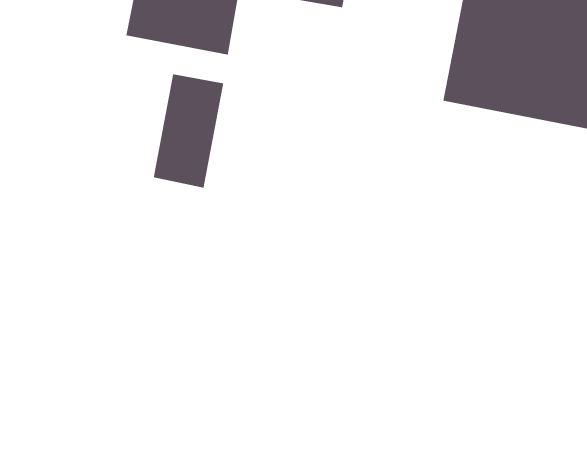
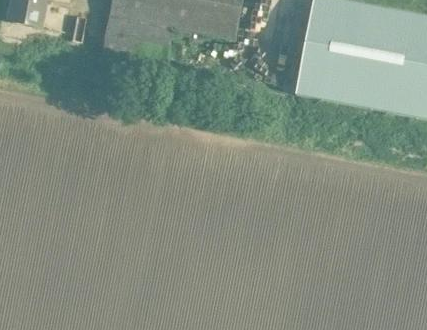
building: [153,74,224,189] -> none

